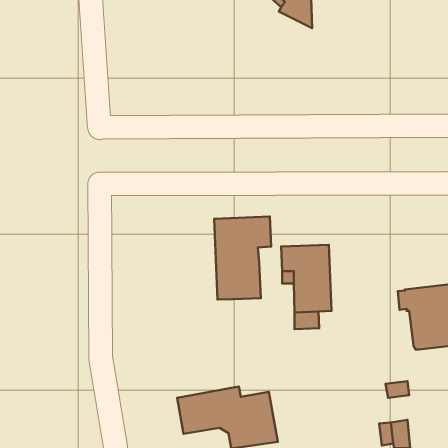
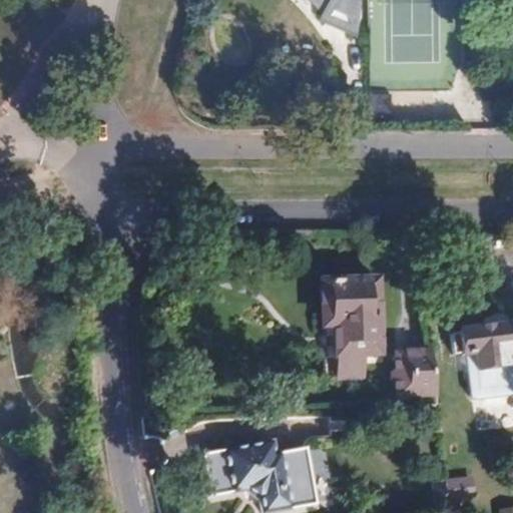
building: [214,216,271,299] -> none
building: none -> [394,352,438,405]

